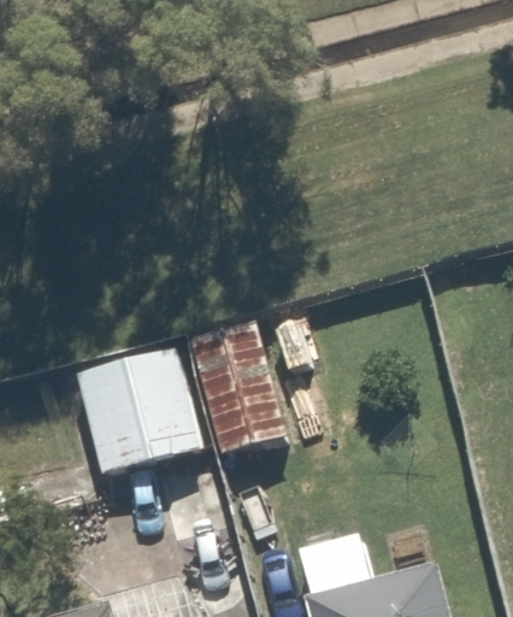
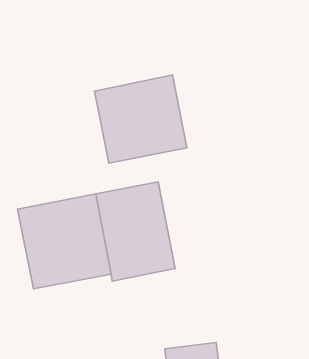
building: none -> [95,75,187,163]

